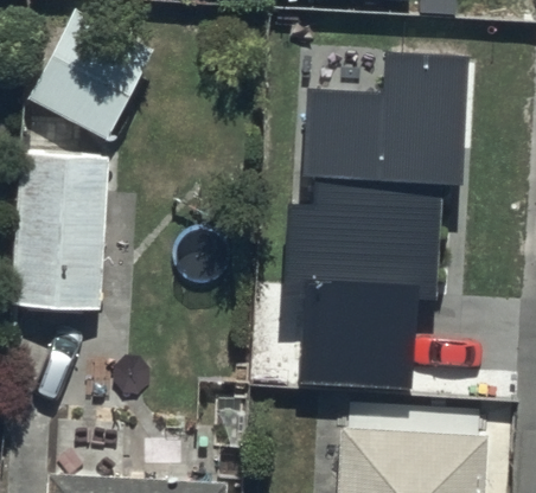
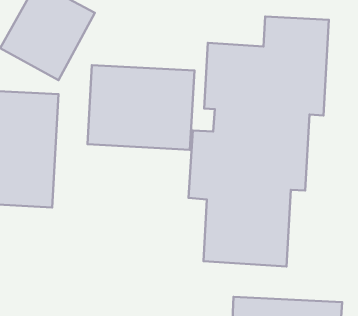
building: none -> [87,65,194,150]

